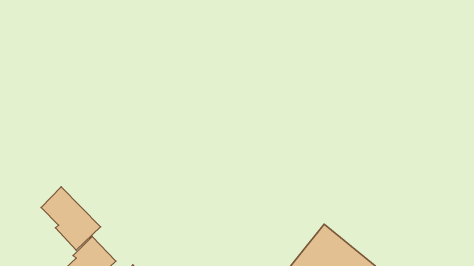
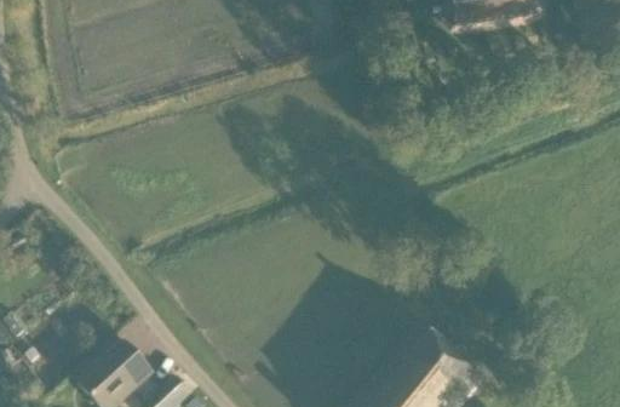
building: [41,187,100,250] -> none

